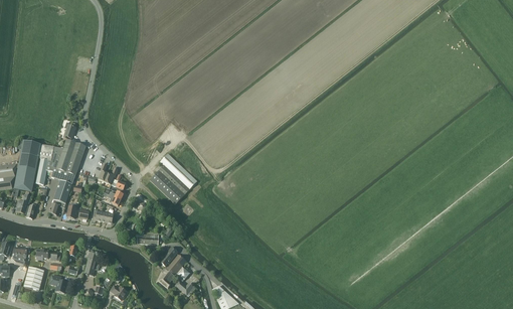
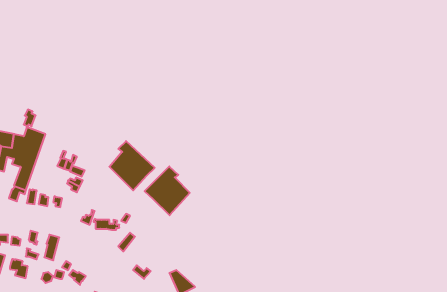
building: none -> [145,166,190,215]
building: [158,254,189,288] -> none

